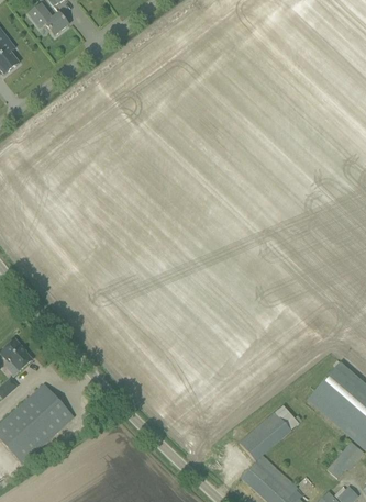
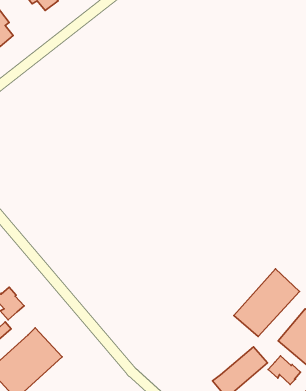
building: none -> [234,269,300,337]
building: none -> [268,356,301,384]

